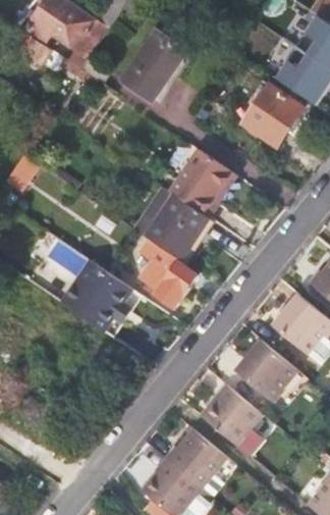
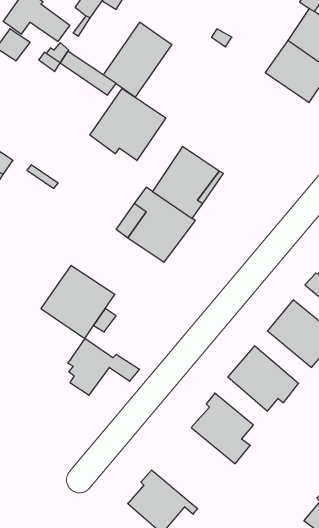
building: [239,86,301,147] -> none
building: none -> [90,88,166,161]
building: [151,256,219,310] -> [68,338,140,395]
building: [165,428,226,493] -> none

